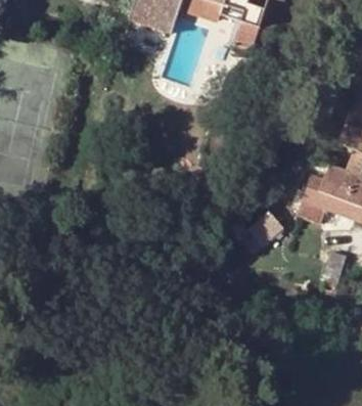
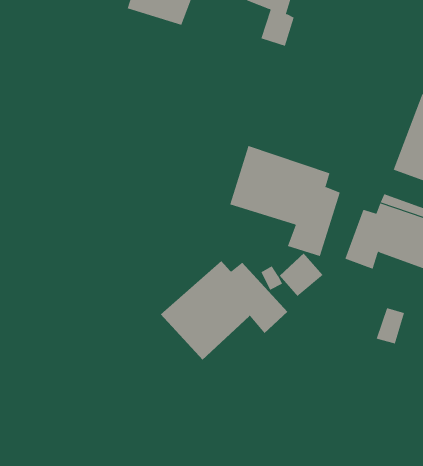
building: none -> [229,145,340,257]
building: none -> [160,260,288,361]

